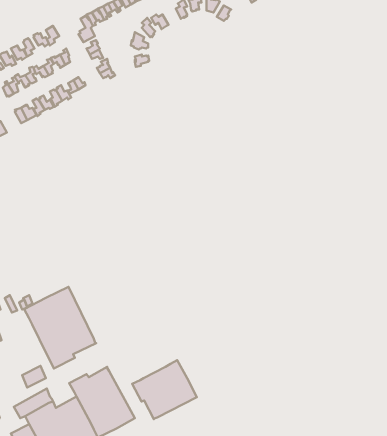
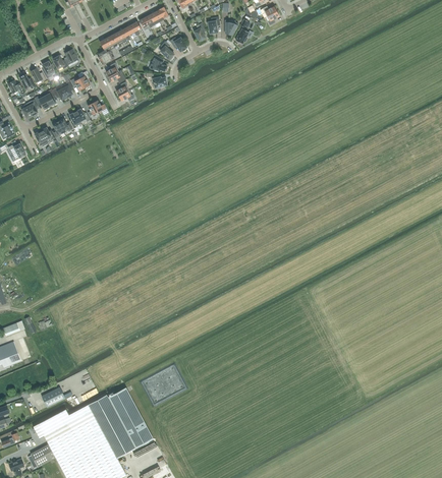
building: [24,287,96,368] -> none
building: [132,360,197,419] -> none

